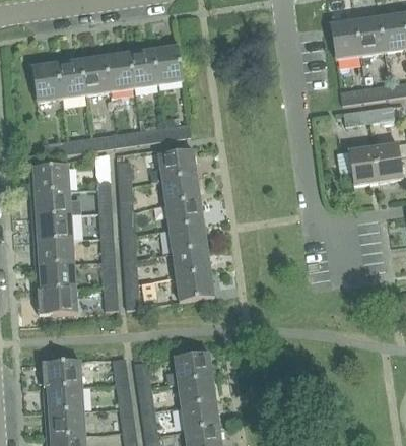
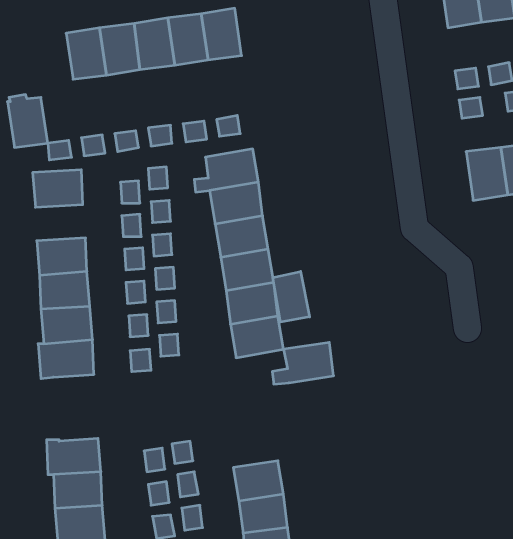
building: [32,61,62,100] -> [7,95,48,147]
building: [35,188,71,214] -> none
building: none -> [273,271,310,322]
building: [166,351,211,381] -> [272,342,334,384]

